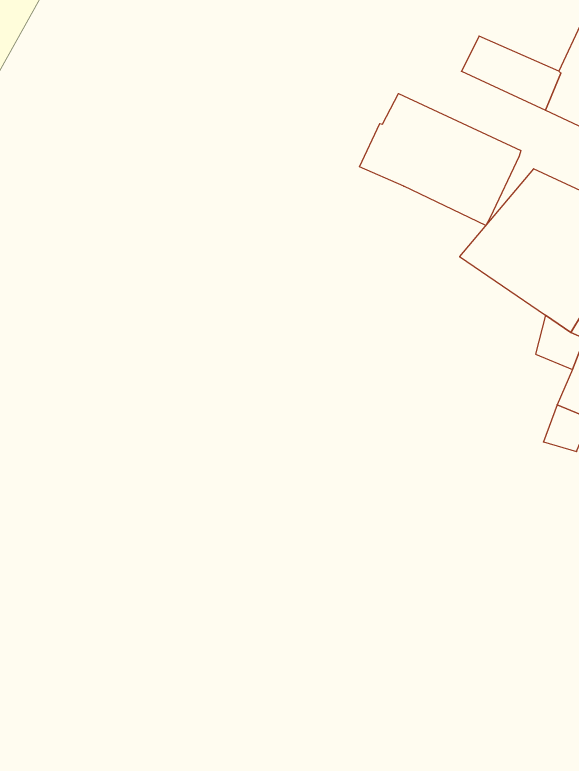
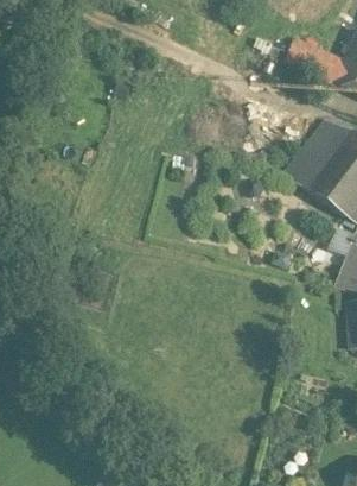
building: [359,94,521,225] -> none

